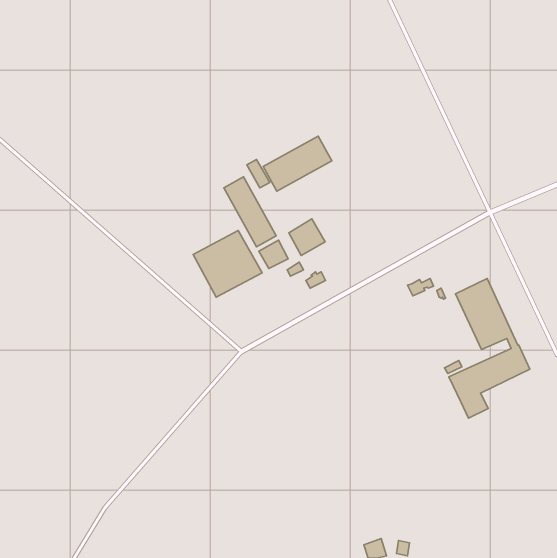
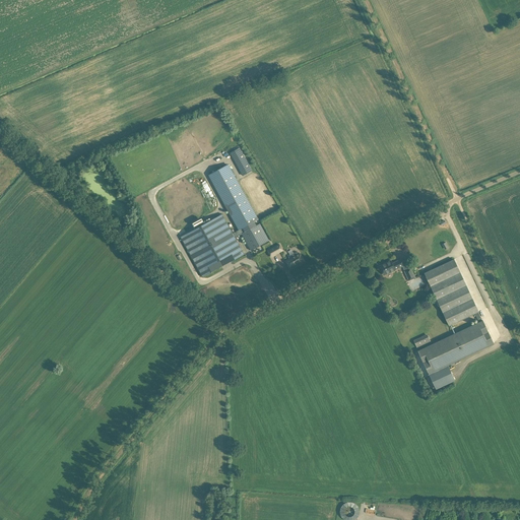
building: [263,136,332,191] -> none
building: [289,219,325,255] -> none

